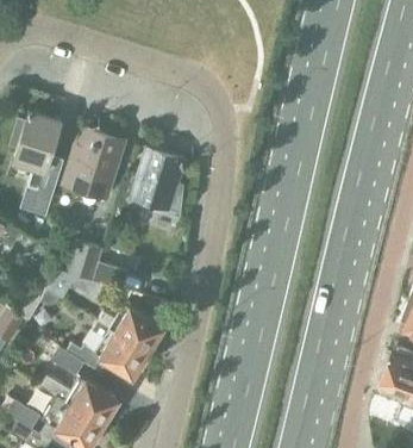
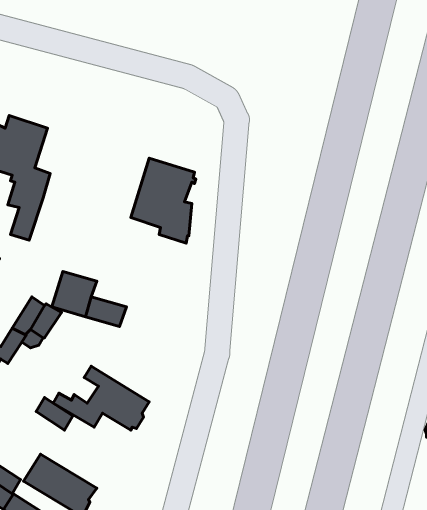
building: [64,131,125,194] -> none
building: [99,306,162,353] -> none
building: [40,377,118,425] -> none

